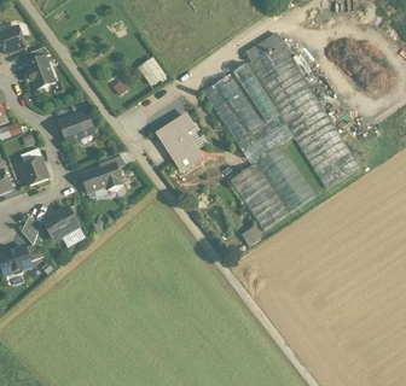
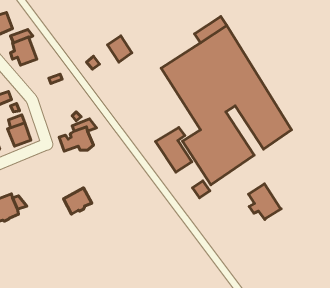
building: [56,107,97,145] -> none
building: [158,113,202,166] -> [156,127,192,172]
building: [44,207,77,239] -> [63,188,92,214]
building: none -> [248,184,281,219]

